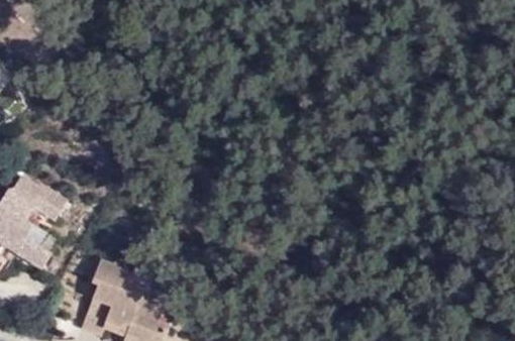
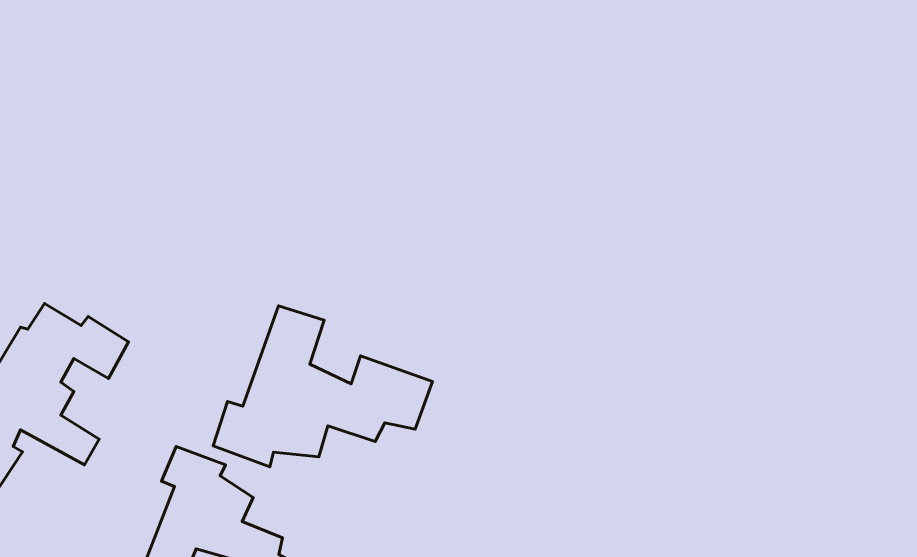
building: none -> [213,306,432,467]

